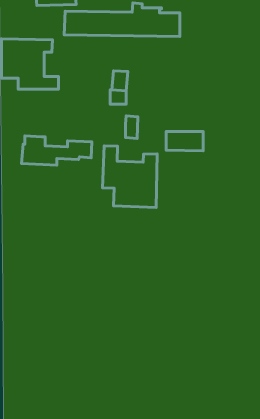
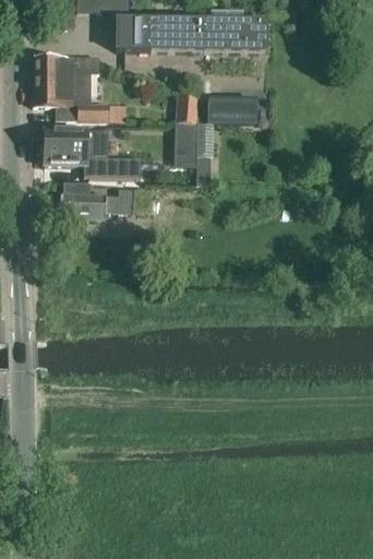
building: none -> [43,129,141,177]
building: [166,132,203,151] -> [207,97,255,122]
building: [102,146,157,207] -> none

